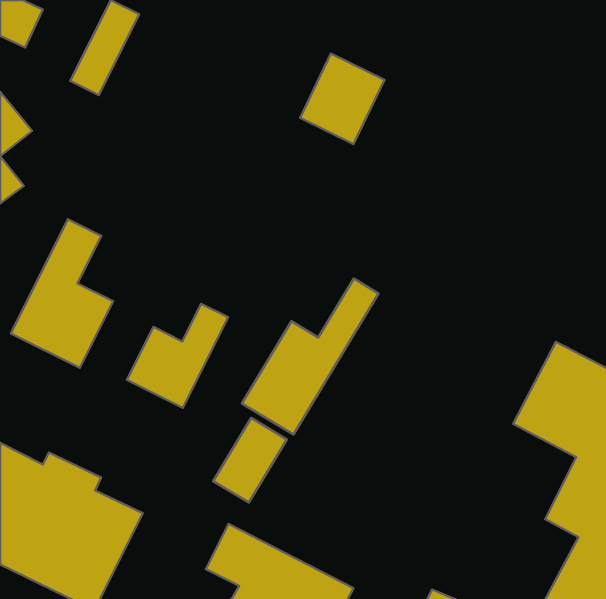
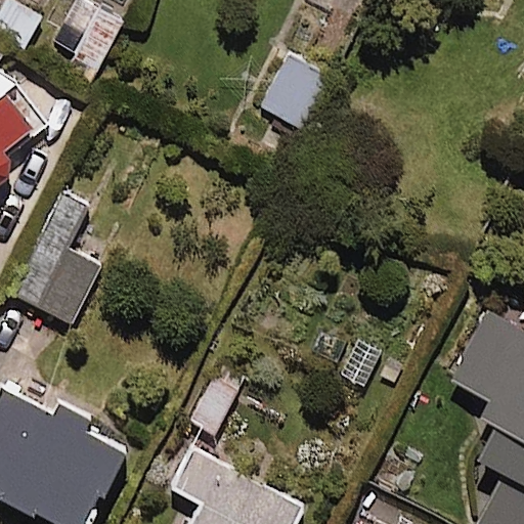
building: [242,279,379,435] -> none
building: [127,304,228,408] -> none

